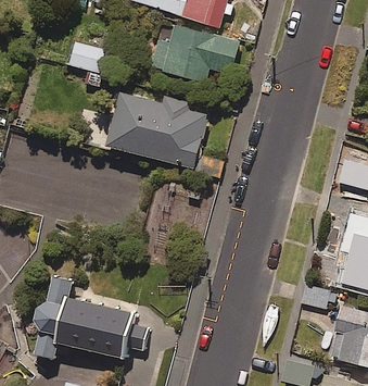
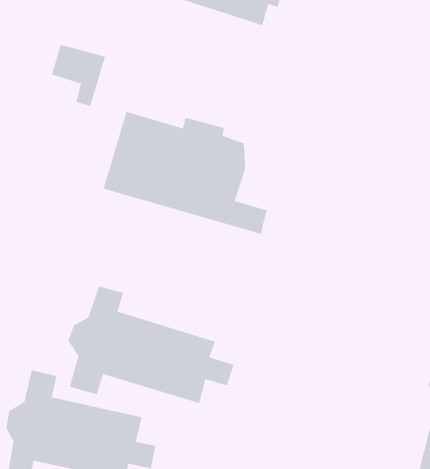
building: [149,25,238,82] -> none
building: none -> [68,286,234,404]

